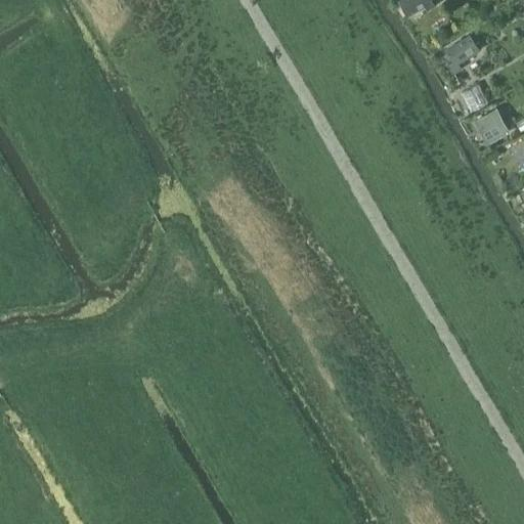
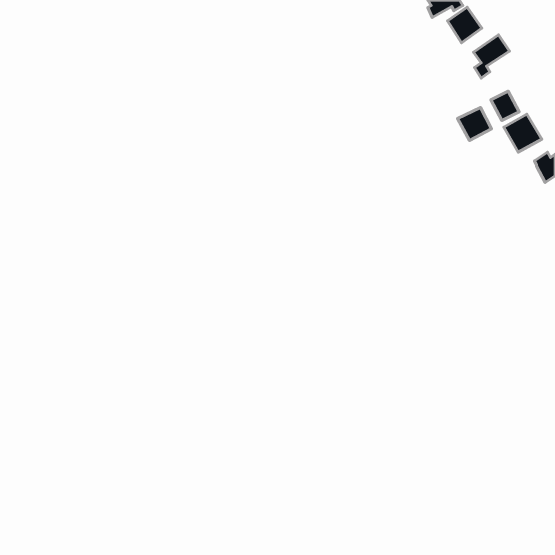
building: none -> [447,7,482,43]
building: none -> [457,107,492,141]

